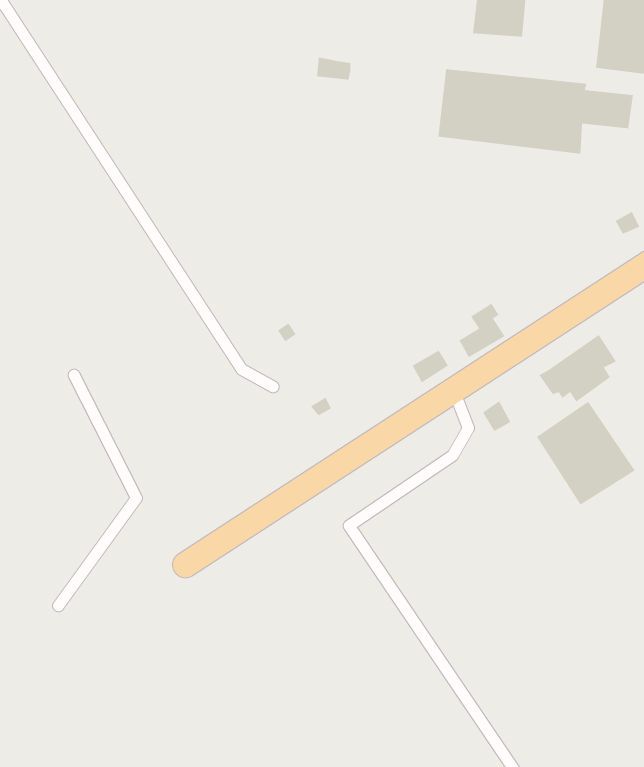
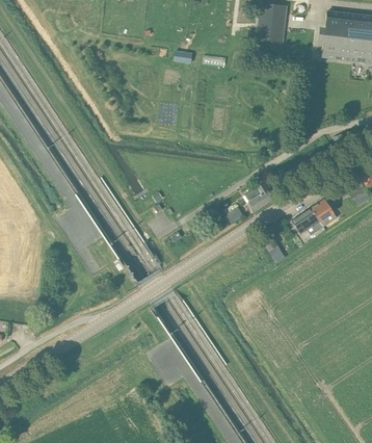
building: [438,68,633,154] -> none
building: [536,401,635,506] -> none

